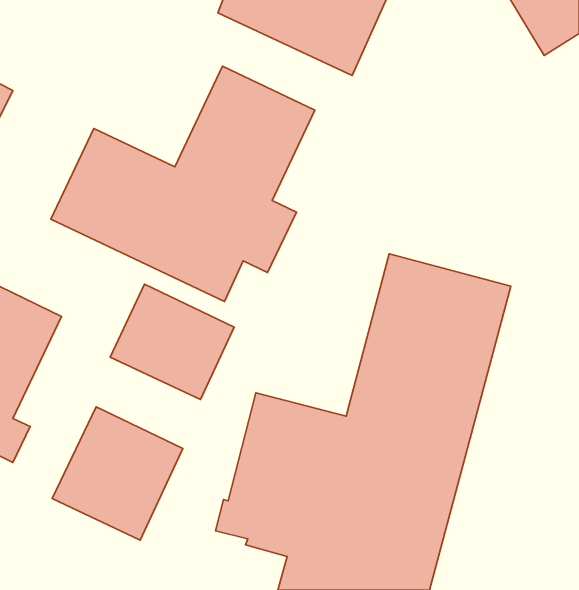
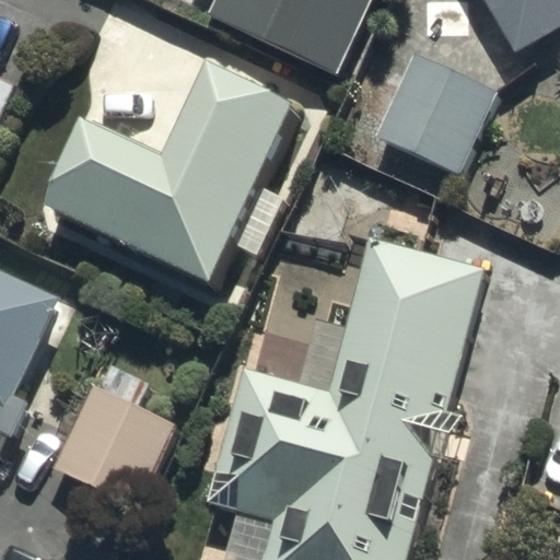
building: none -> [372,56,493,175]
building: [110,284,234,399] -> none

